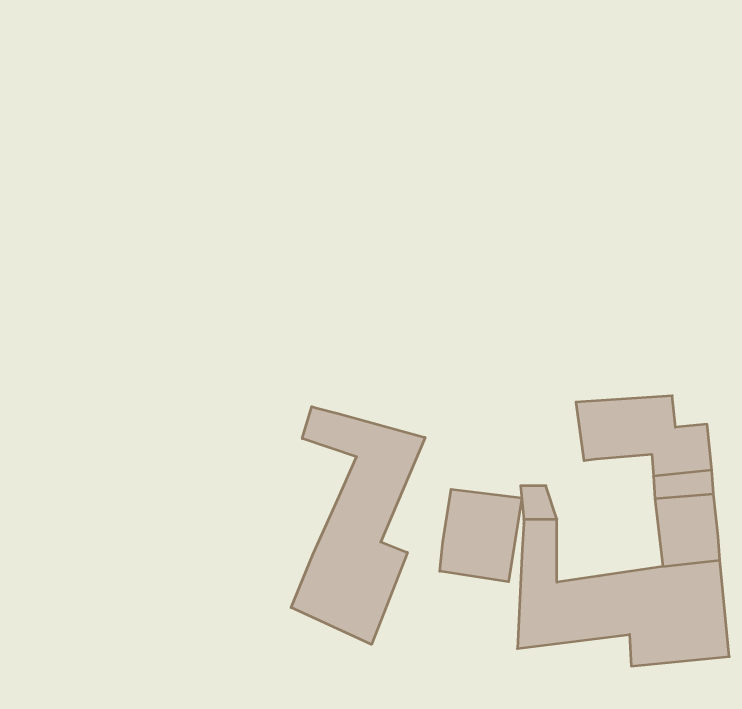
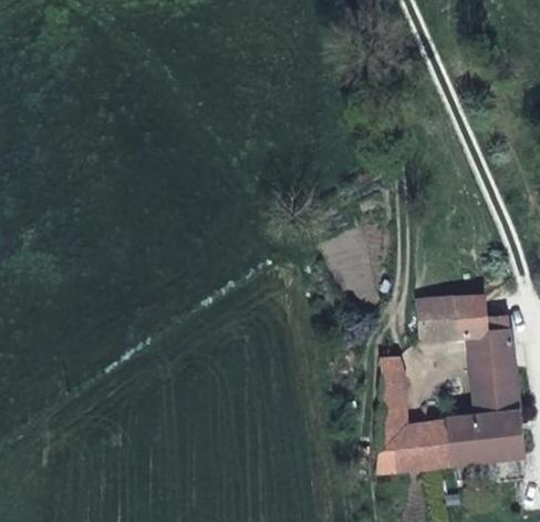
building: [291,407,425,644] -> none
building: [440,489,522,582] -> none

